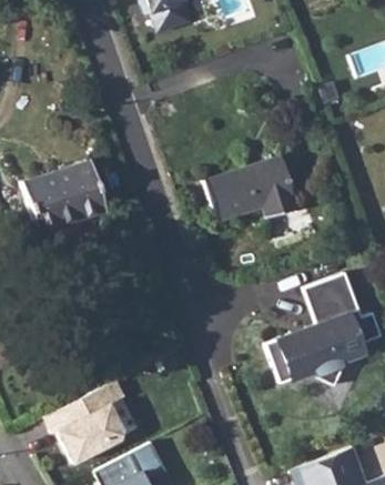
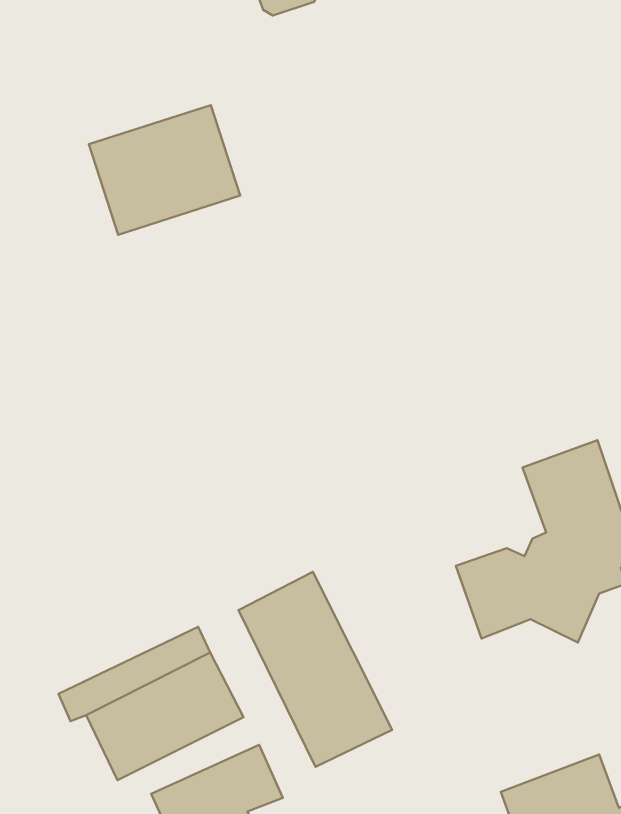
building: [203,155,295,220] -> none
building: [20,159,105,232] -> [89,105,240,235]
building: none -> [238,572,392,767]

